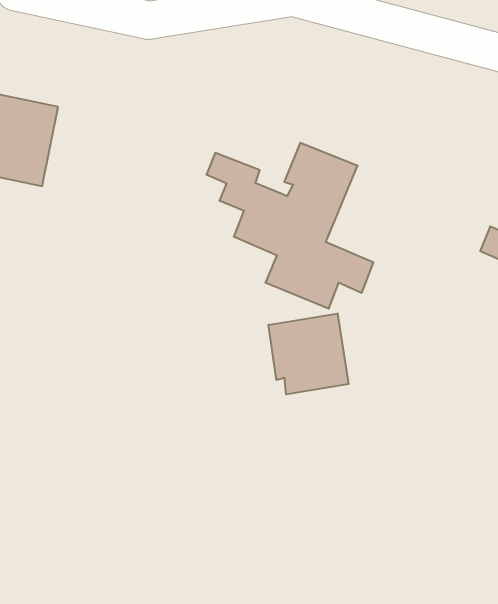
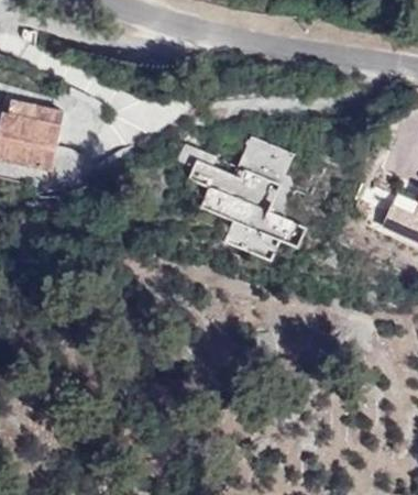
building: [269,313,349,394] -> none

